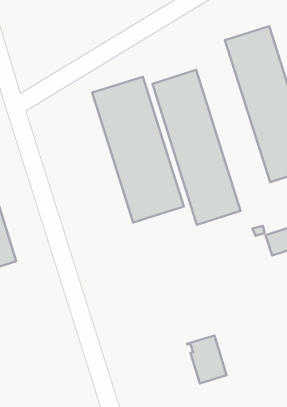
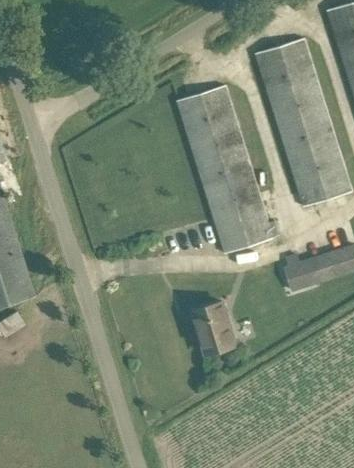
building: [92,77,184,222] -> none
building: [187,335,227,384] -> [193,302,236,354]

